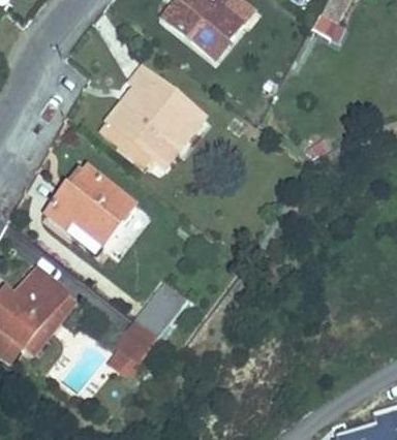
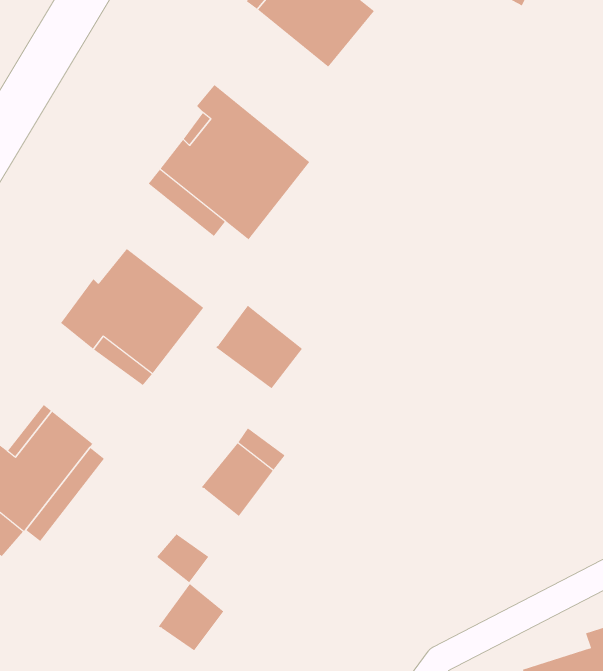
building: none -> [215,305,303,389]
building: [117,320,158,363] -> [158,583,224,651]

